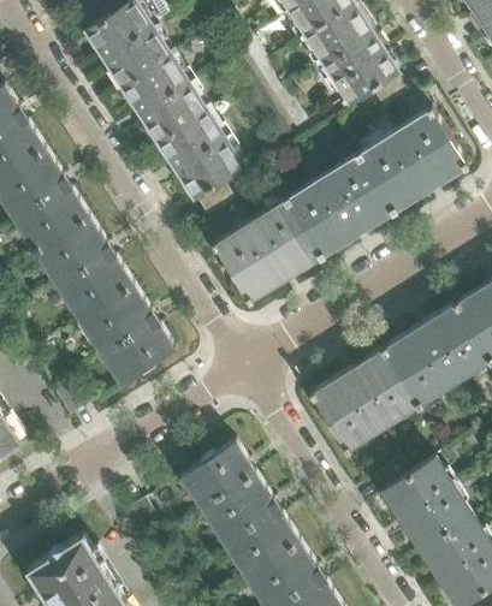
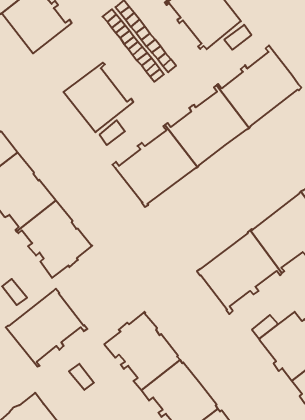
building: [123,55,213,144] -> none
building: none -> [6,289,87,367]

